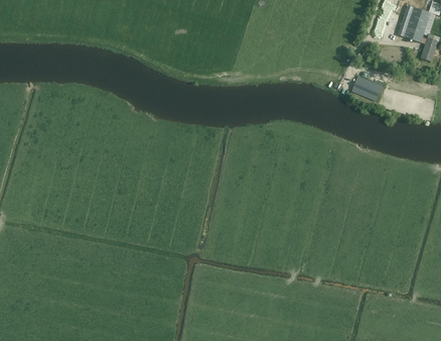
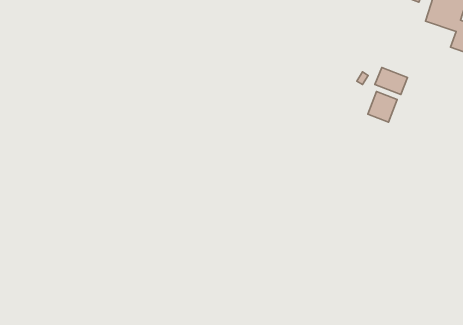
building: none -> [368,92,397,122]

